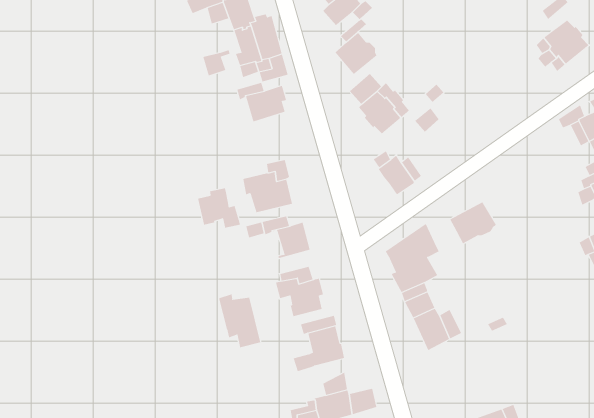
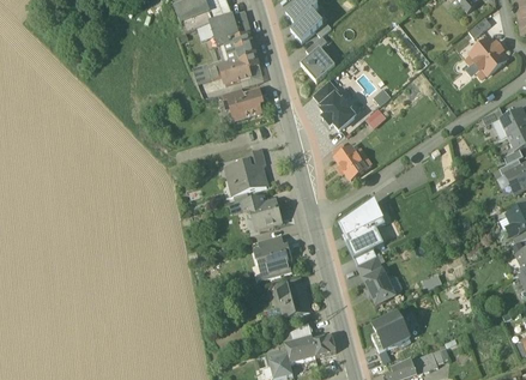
building: [197,187,241,229] -> none
building: [450,201,497,244] -> none
building: [219,293,261,348] -> none
building: none -> [371,313,409,351]

